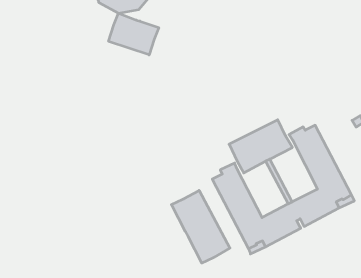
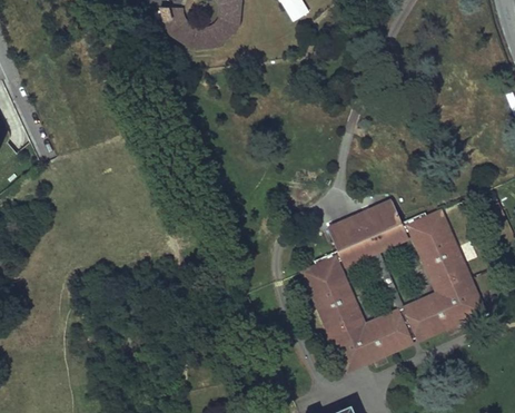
building: [109,13,159,55] -> none
building: [171,190,230,263] -> none

